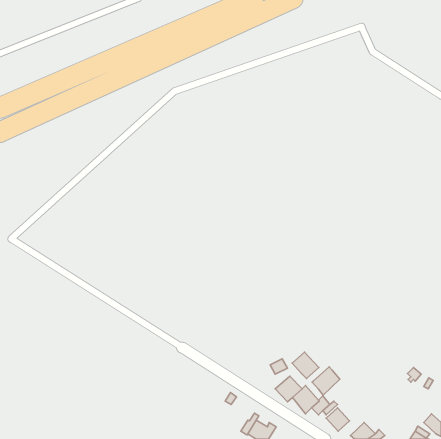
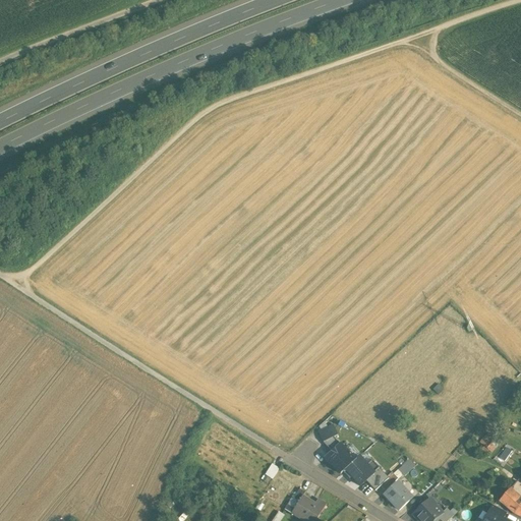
building: [292,352,319,379] -> none
building: [312,367,340,395] -> none

